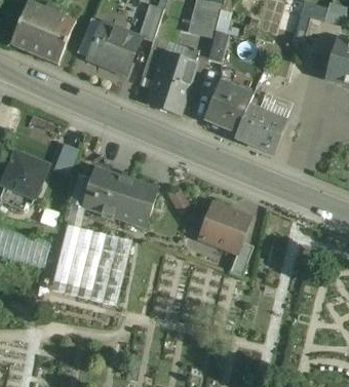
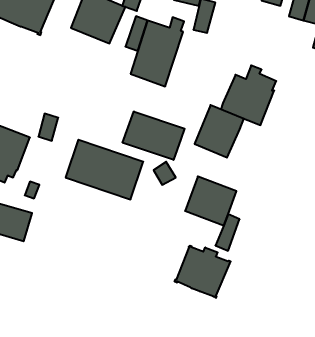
building: [204,80,253,131] -> [195,105,244,158]
building: none -> [123,111,185,160]
building: [52,224,131,305] -> none
building: none -> [175,246,231,298]

